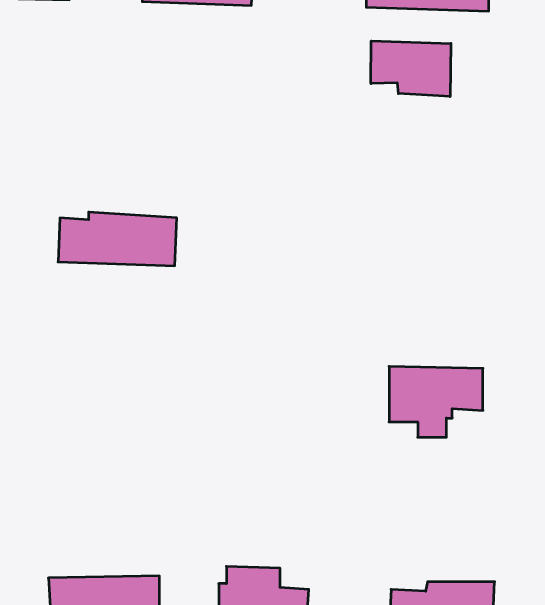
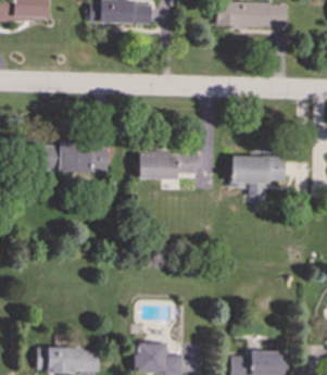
building: [371,41,451,97] -> none
building: none -> [139,153,197,179]
building: [389,366,483,437] -> [231,155,285,196]

